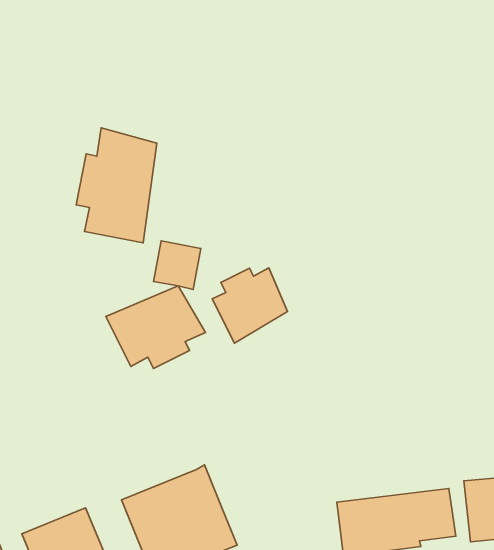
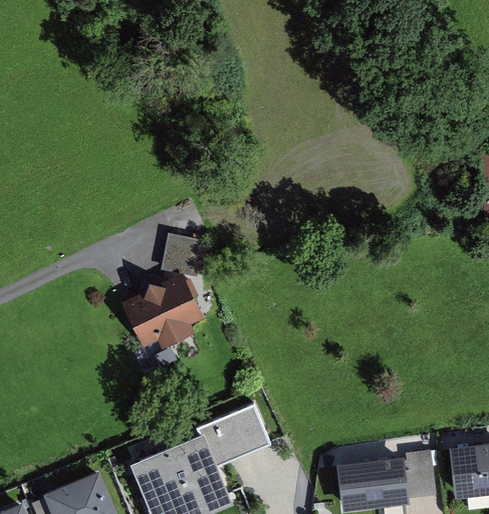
building: [76,128,157,243] -> none
building: [212,268,288,343] -> none
building: none -> [197,407,270,465]

